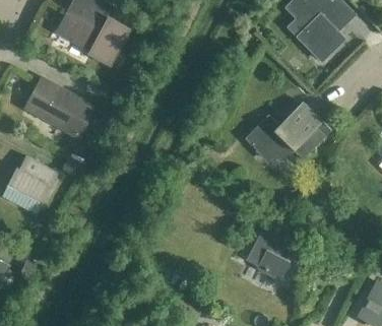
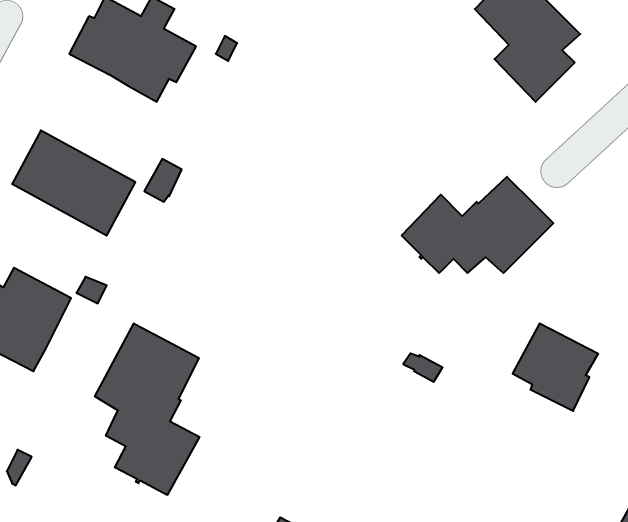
building: none -> [95,323,200,495]
building: [246,232,295,281] -> [513,324,598,411]

